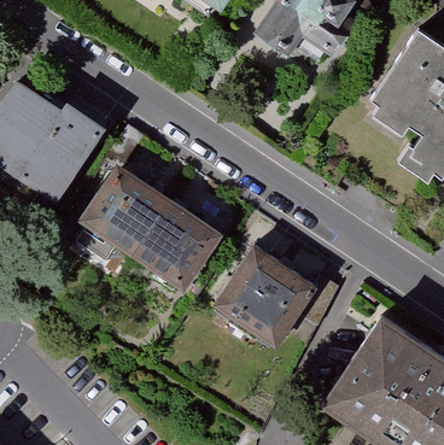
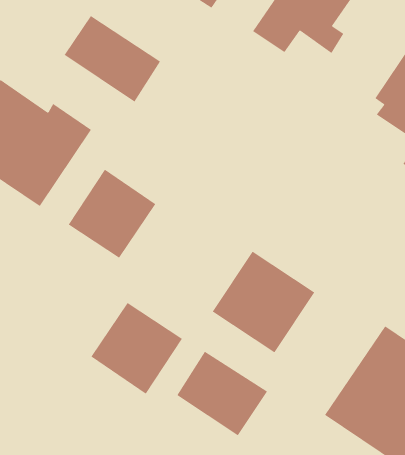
building: none -> [64,15,161,103]
building: [128,203,216,291] -> [91,302,183,394]
building: none -> [176,351,268,436]

